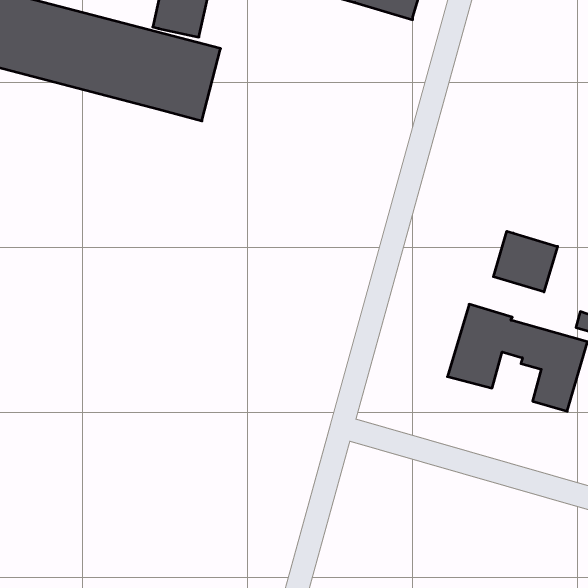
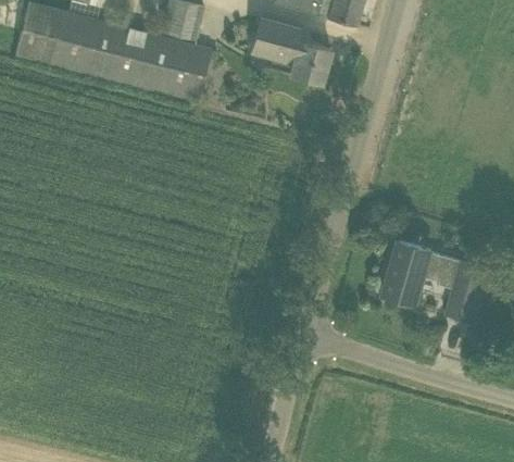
building: none -> [251,18,329,83]
building: [493,231,558,292] -> none

